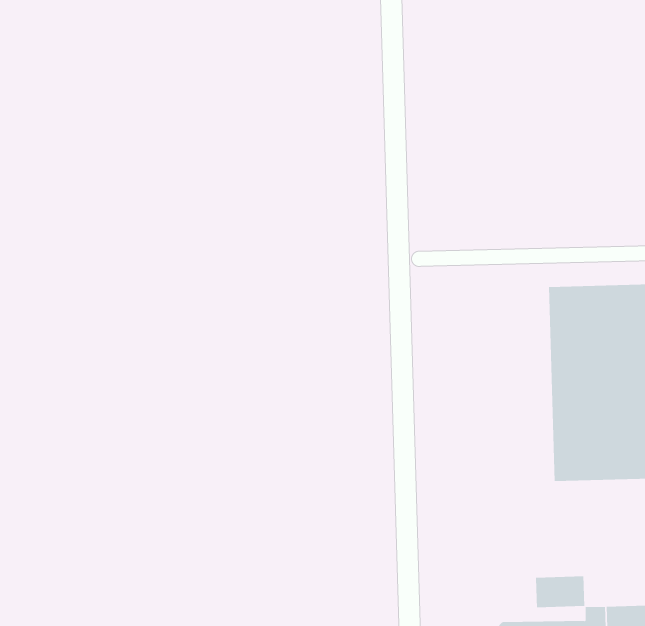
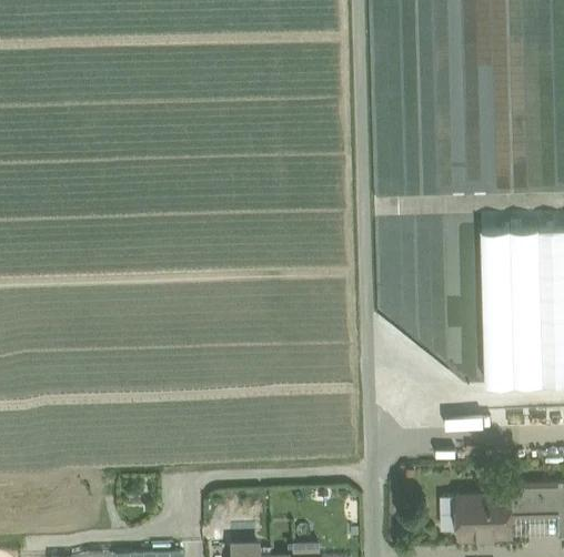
building: [535,575,585,608] -> none

